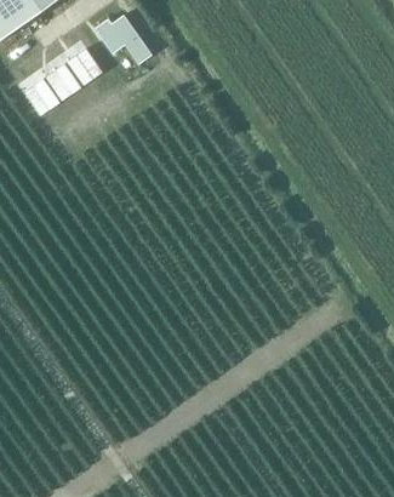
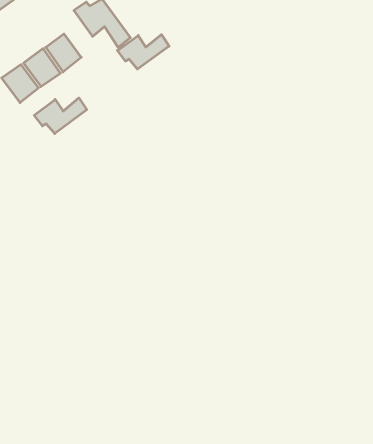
building: none -> [117,35,169,69]
building: none -> [34,98,87,134]

